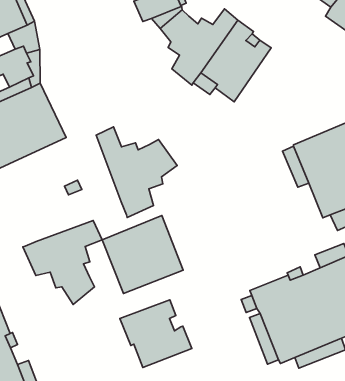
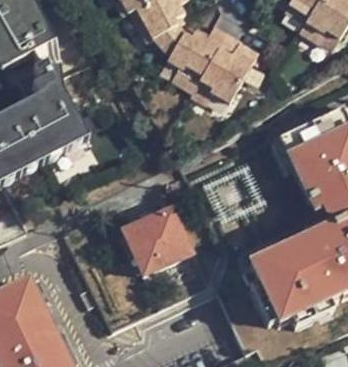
building: [96,127,177,218] -> none
building: [23,220,102,304] -> none
building: [120,300,192,367] -> none

